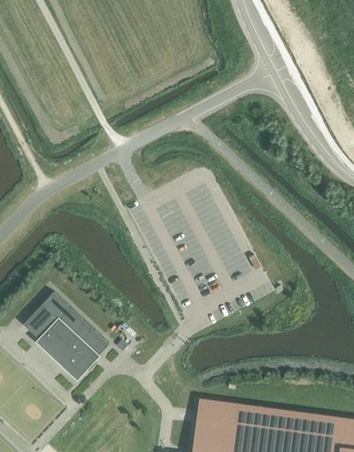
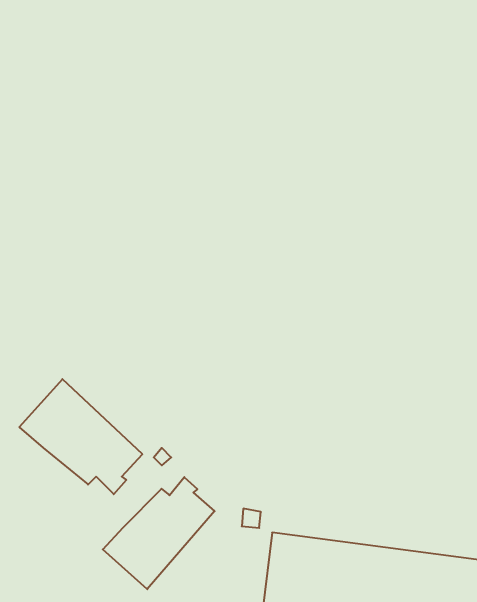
building: none -> [103,477,215,589]

